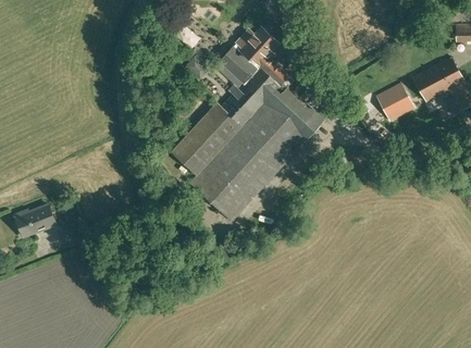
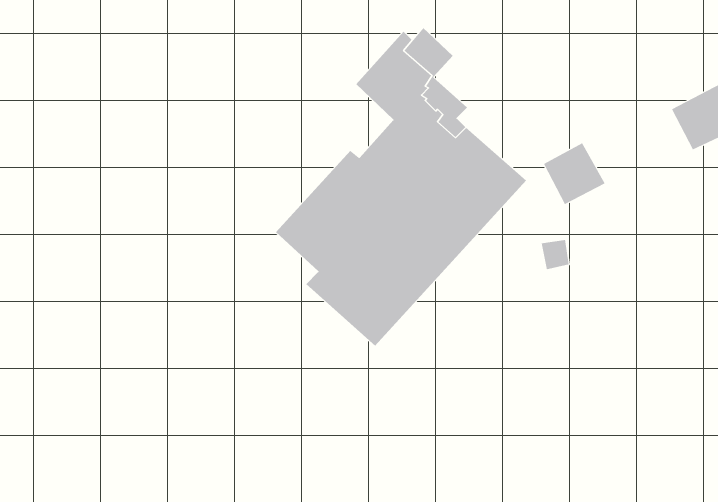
building: [376,83,414,121] -> [543,142,606,205]
building: [15,203,55,232] -> none

